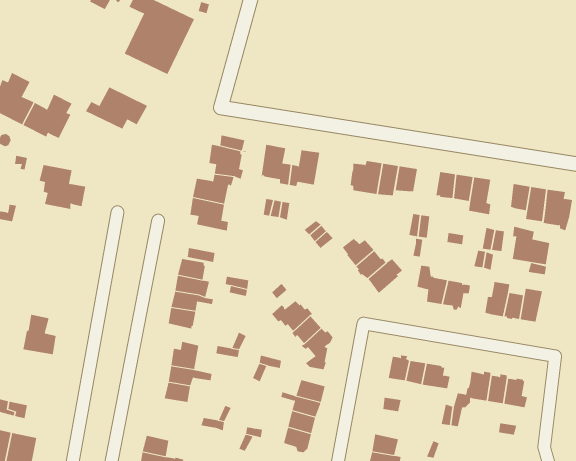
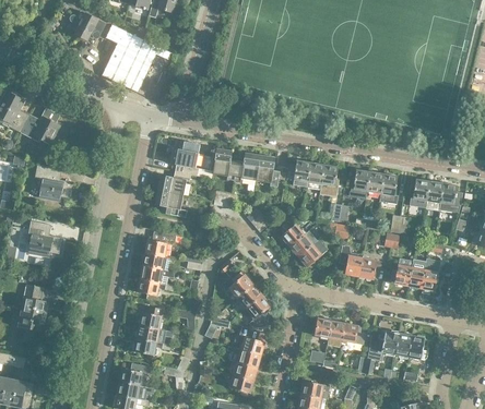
building: [85,87,148,129] -> none
building: none -> [256,154,285,187]
building: [512,226,550,265] -> none
building: none -> [26,219,62,255]
building: none -> [16,312,46,341]
building: none -> [120,363,150,387]

